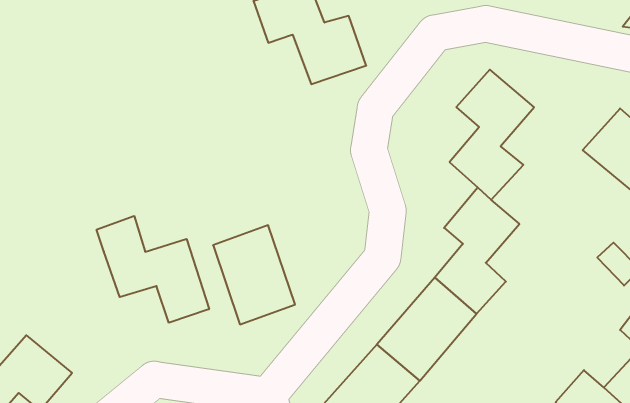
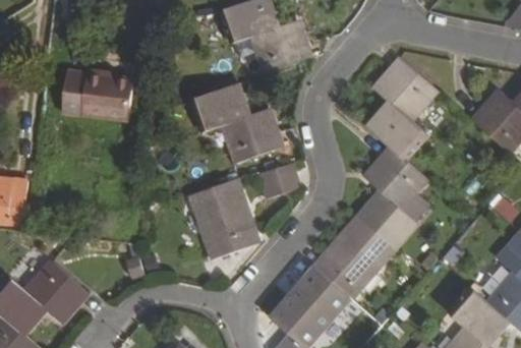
building: none -> [62,69,133,118]
building: none -> [192,83,278,160]
building: none -> [259,158,302,195]
building: [97,216,209,323] -> none

